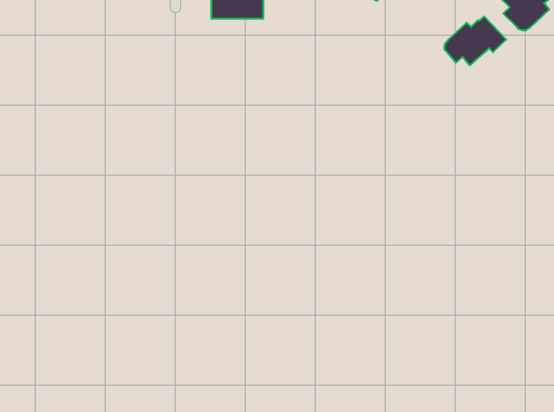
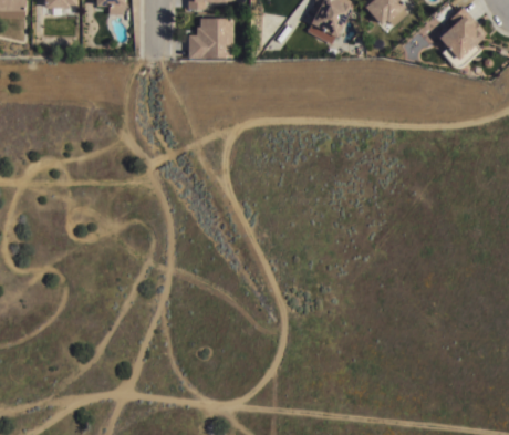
building: [444,16,506,65] -> none

